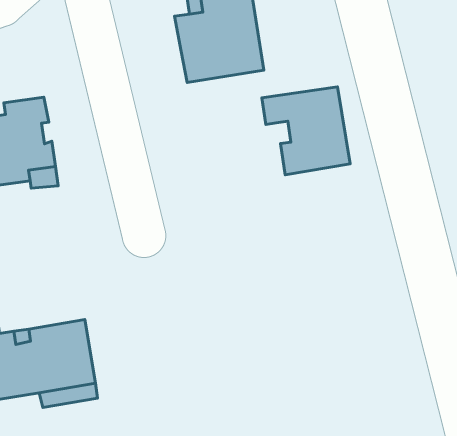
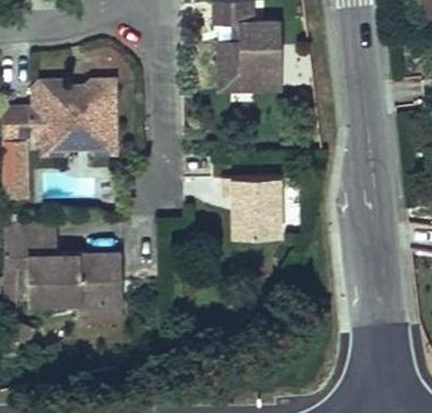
building: [262,87,350,175] -> [222,178,280,236]

